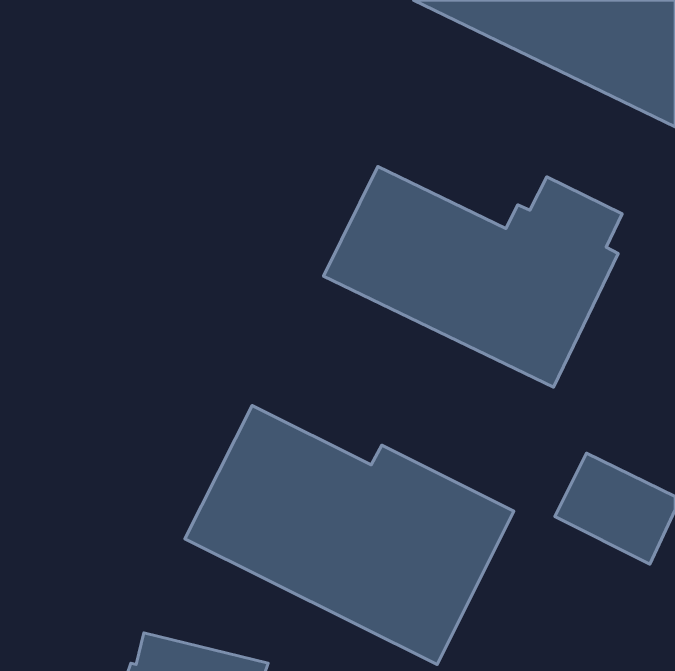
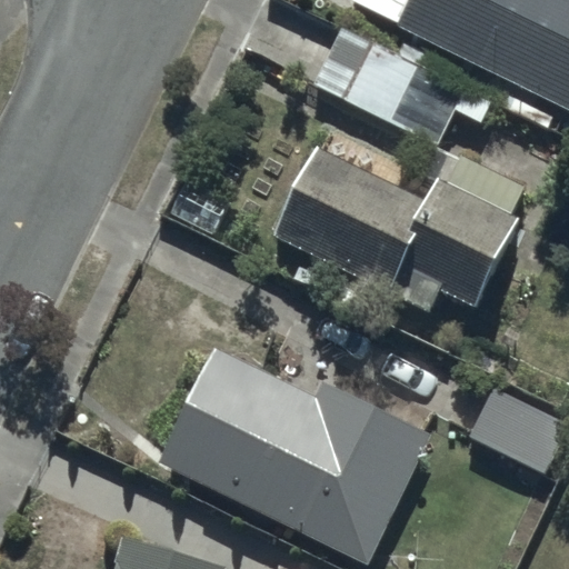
building: none -> [312,27,465,147]

